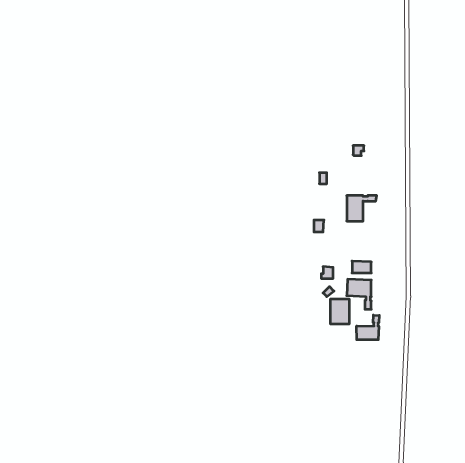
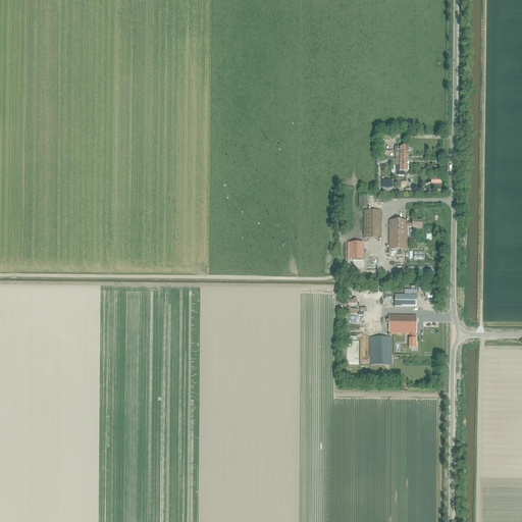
building: none -> [364,209,380,237]
building: [357,315,379,340] -> none

